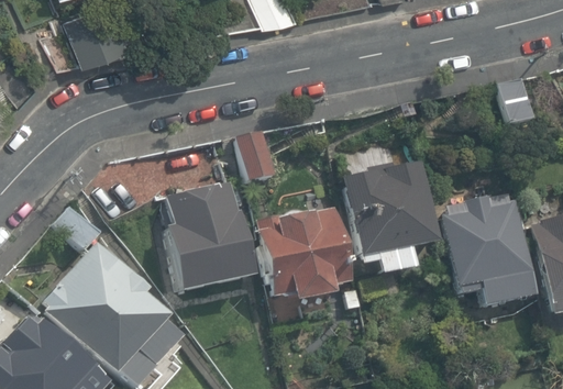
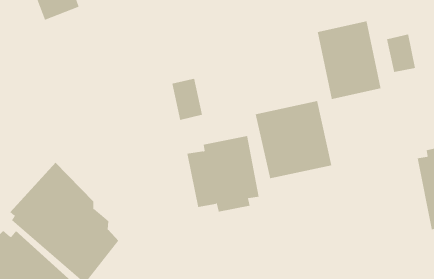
building: none -> [317,21,381,100]
building: [161,179,247,292] -> none
building: [438,192,537,309] -> none

